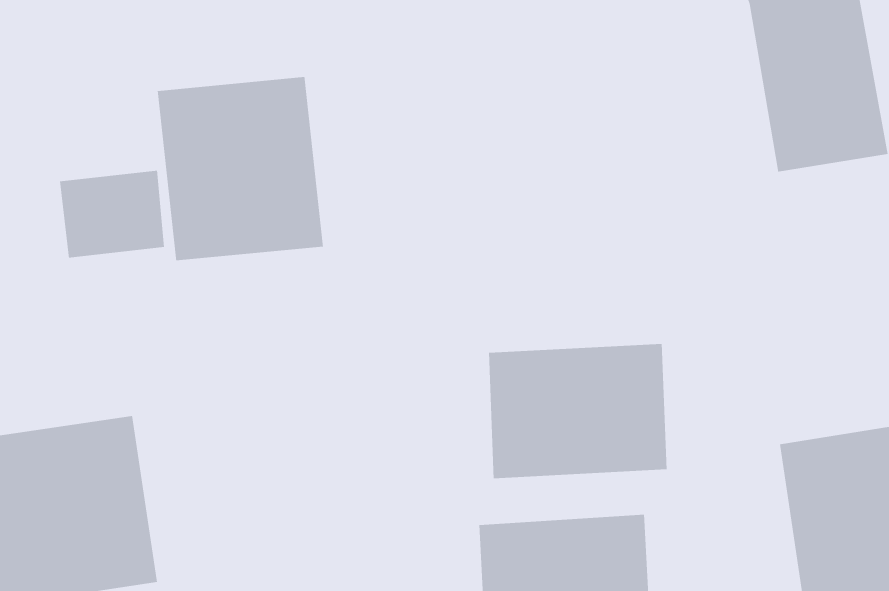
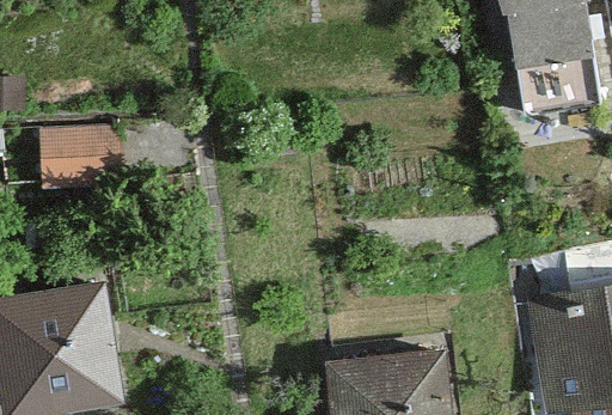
building: [157,76,323,261] -> none
building: [488,343,667,479] -> none

